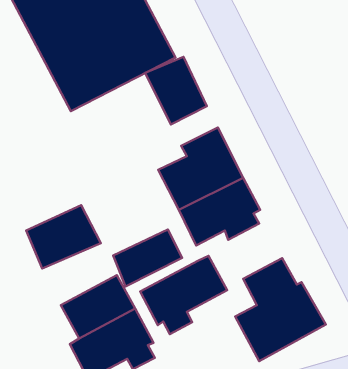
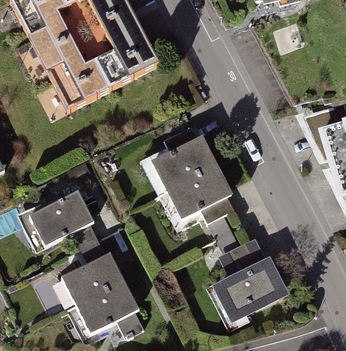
building: [145,57,207,124] -> none
building: [113,229,182,286] -> none
building: [140,256,227,334] -> none

